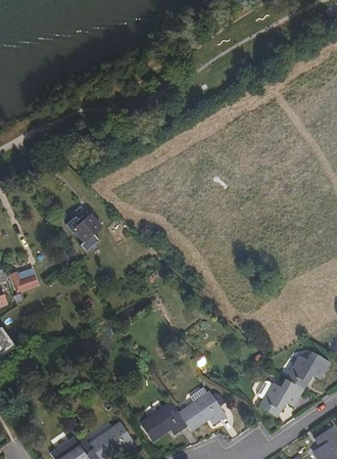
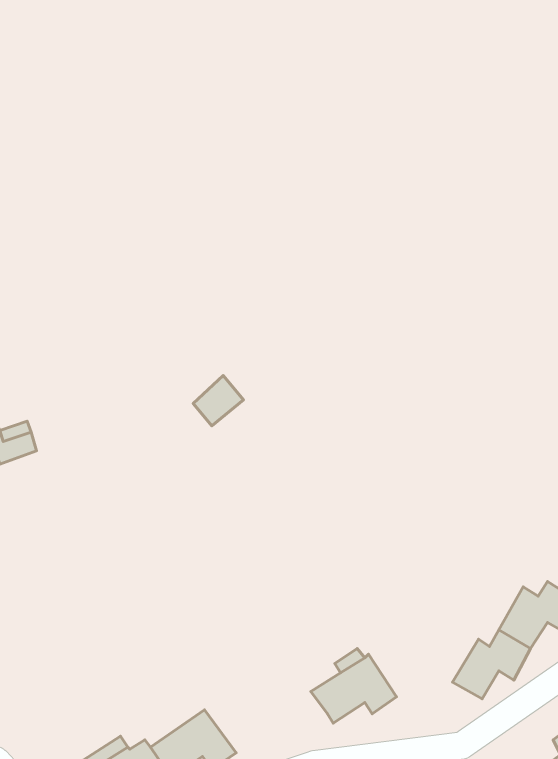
building: [68,211,96,238] -> [193,376,244,426]
building: [144,408,191,440] -> none

